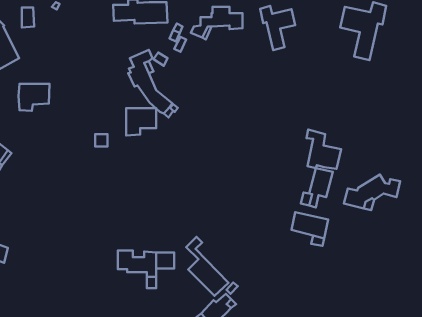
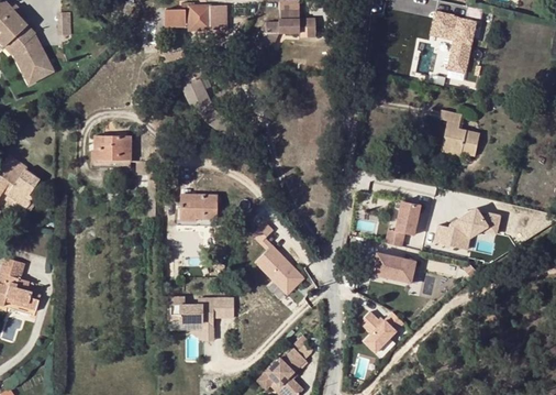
building: [260,6,295,50] -> none
building: [19,84,50,111] -> [93,135,130,167]
building: [126,108,156,136] -> [181,194,216,226]
building: [306,130,341,169] -> [440,110,480,156]
building: [186,237,228,296] -> [254,224,303,294]
building: none -> [363,310,403,351]

